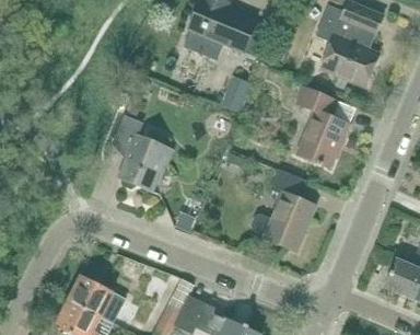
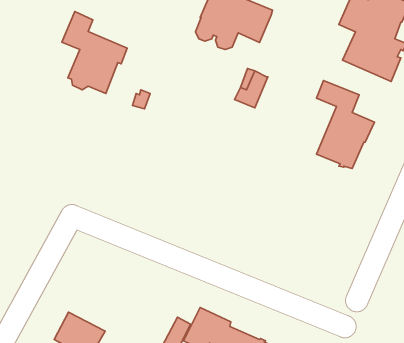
building: [113,116,173,192] -> [62,11,127,93]
building: [253,171,316,252] -> none
building: [68,275,119,317] -> none

